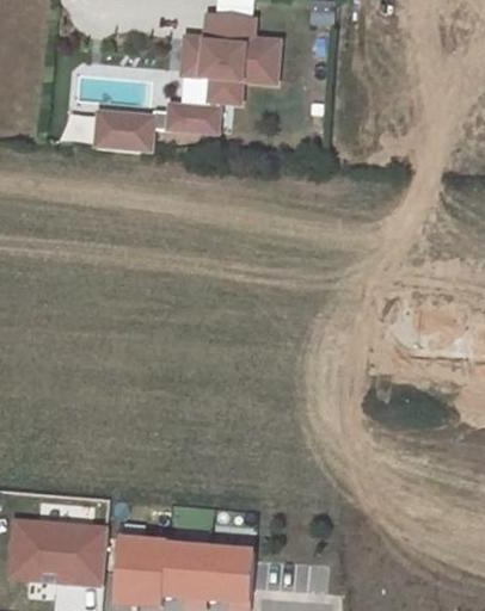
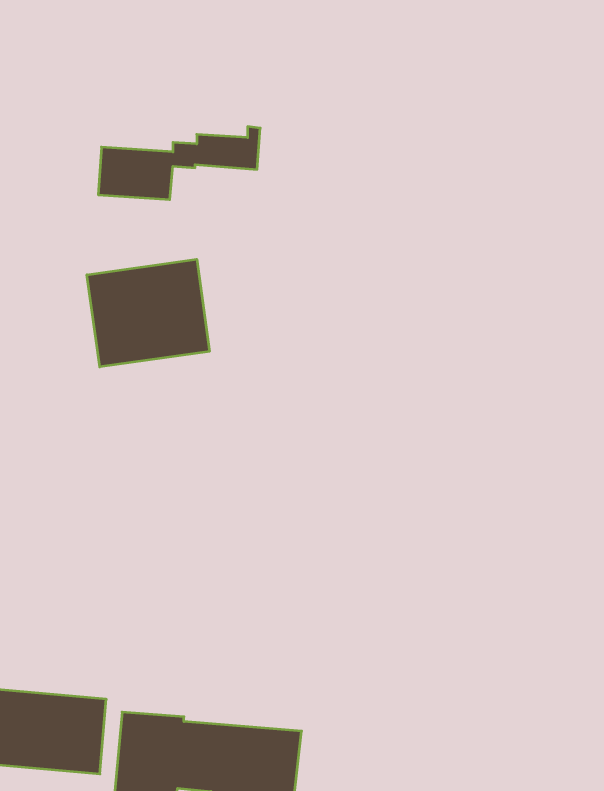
building: [185,12,280,99] -> none
building: none -> [87,259,209,367]

